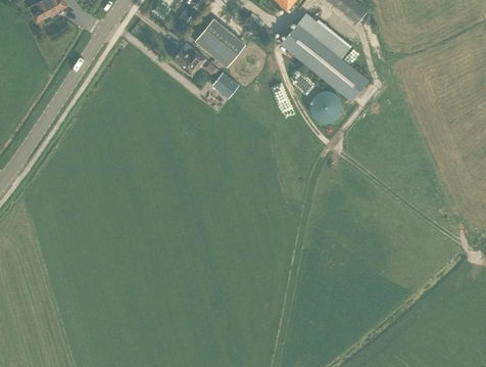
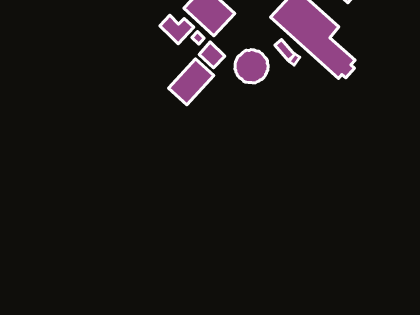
building: [307,90,340,123] -> [235,50,268,83]
building: none -> [168,59,214,105]

